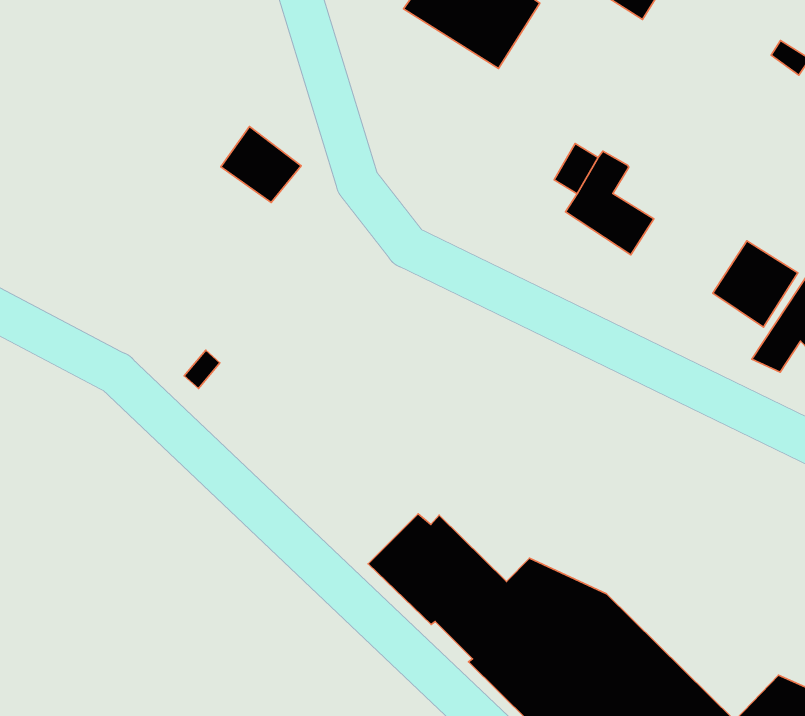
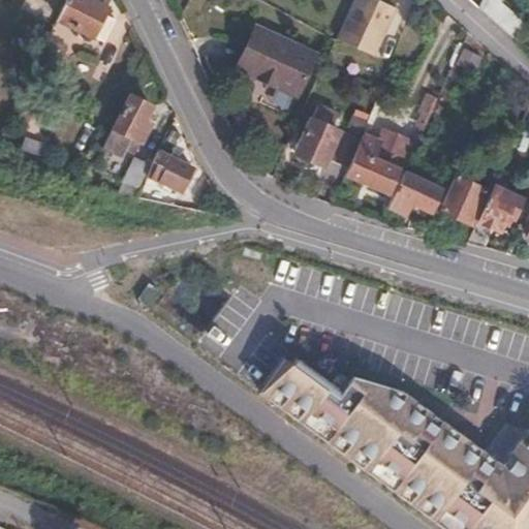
building: none -> [104,94,152,151]
building: none -> [300,106,340,165]
building: none -> [374,127,413,169]
building: none -> [391,173,442,215]

